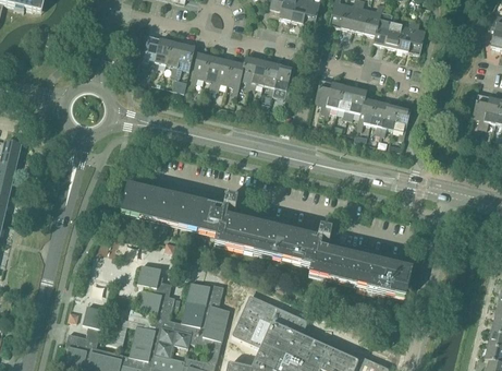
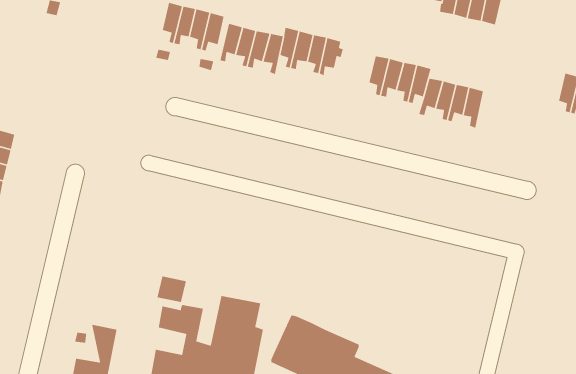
building: [122,184,412,296] -> none

